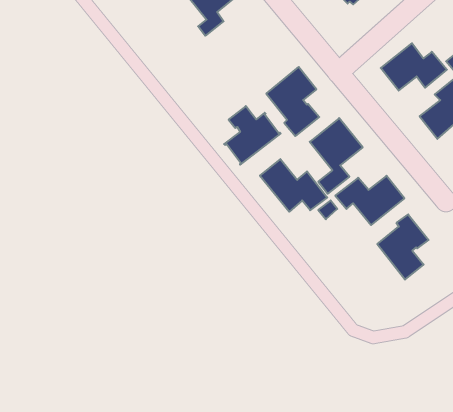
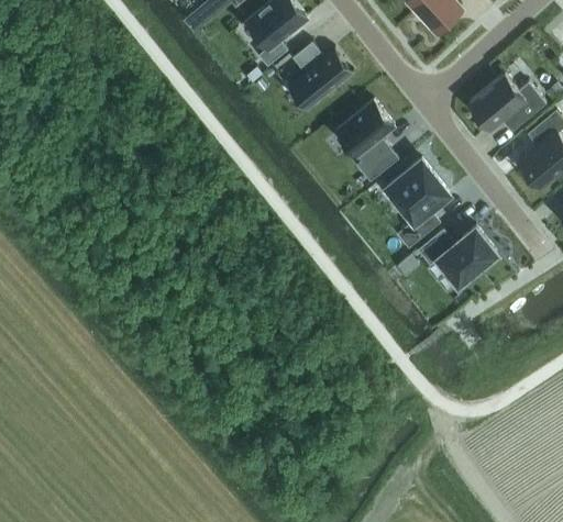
building: [224,106,281,165] -> [286,44,352,112]
building: [260,159,327,212] -> none
building: [377,214,429,280] -> none

